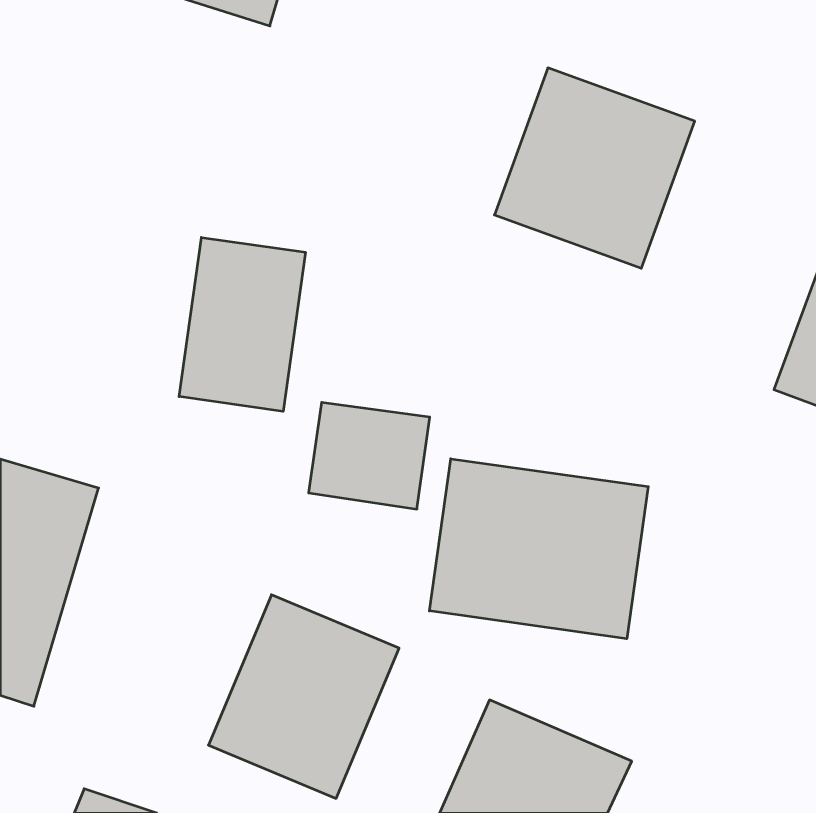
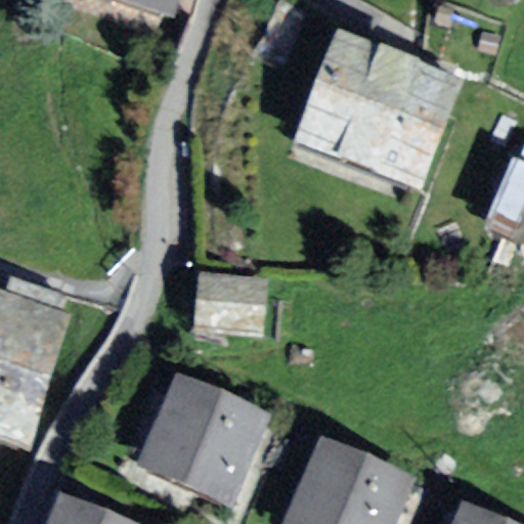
building: [179,237,305,411] -> none
building: [429,459,648,639] -> none

